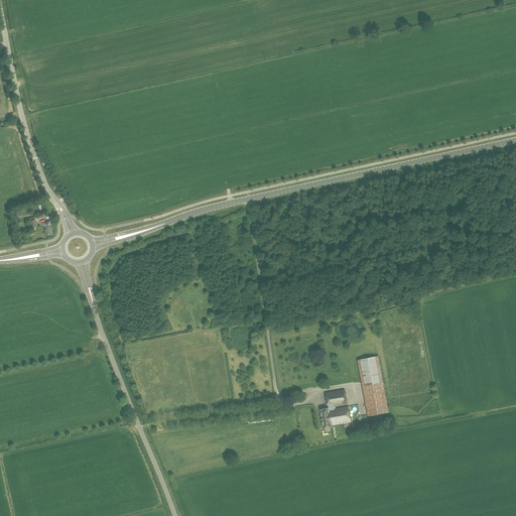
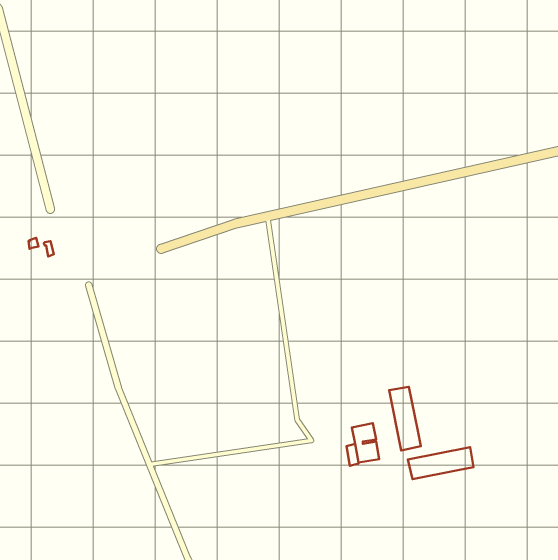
building: none -> [408,447,474,479]

